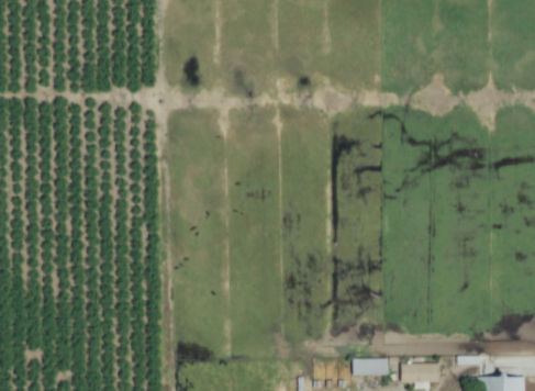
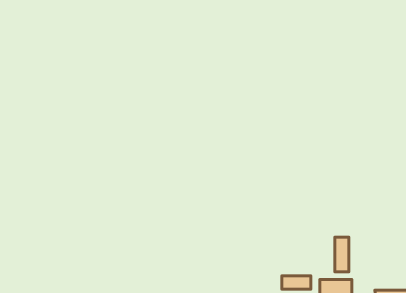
building: none -> [335,237,349,272]

